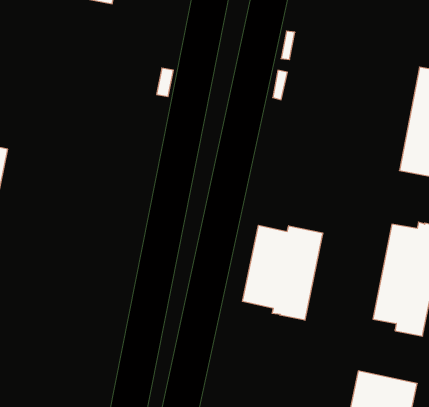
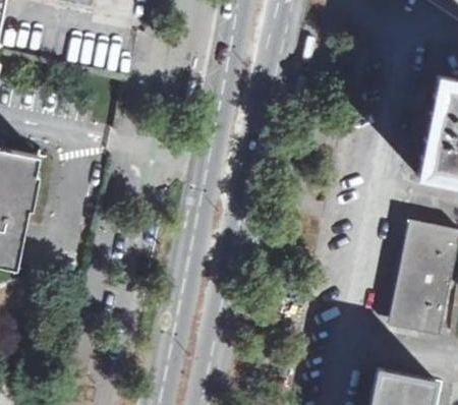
building: [242,225,323,320] -> none

